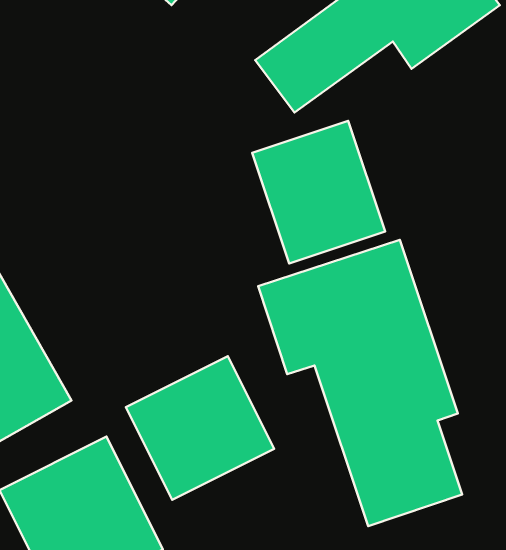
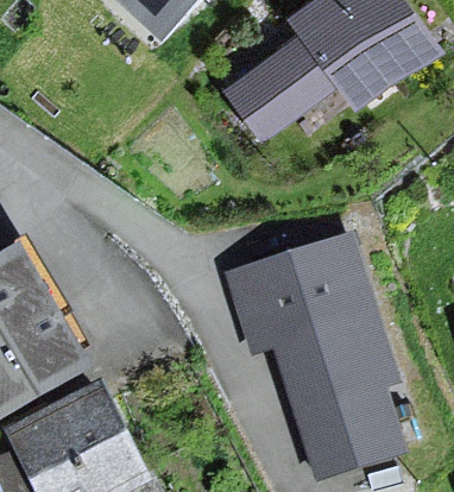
building: [252,121,385,263] -> none
building: [126,356,274,500] -> none

